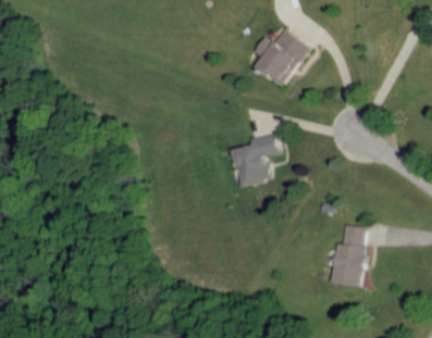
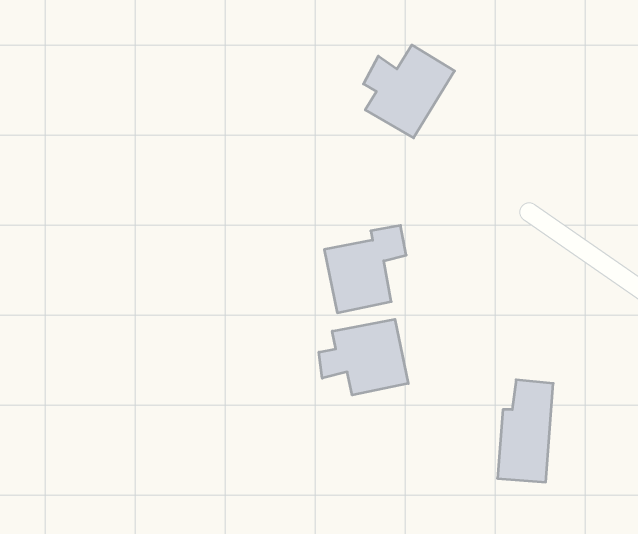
building: none -> [319,319,408,395]

